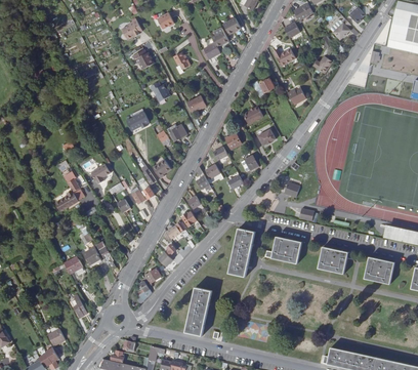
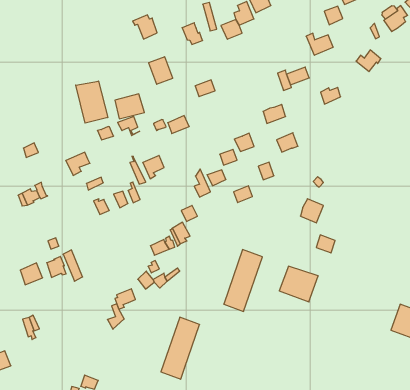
building: none -> [76,81,108,123]
building: [319,246,348,273] -> none

